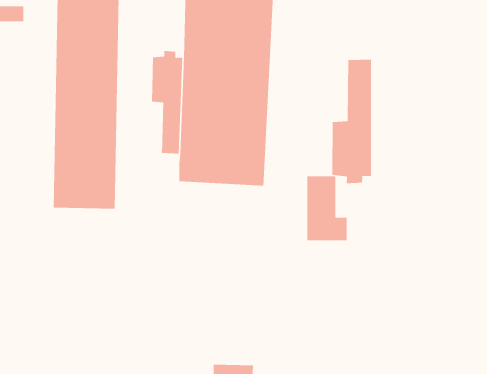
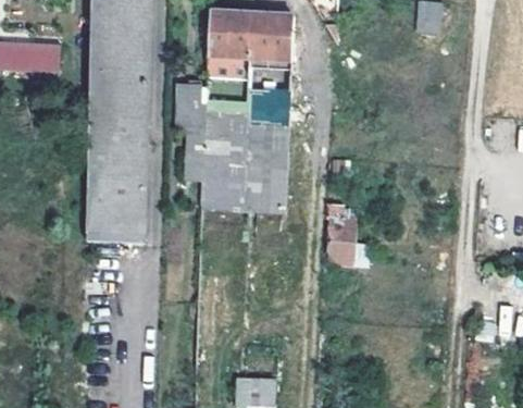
building: [332,59,372,184] -> none

